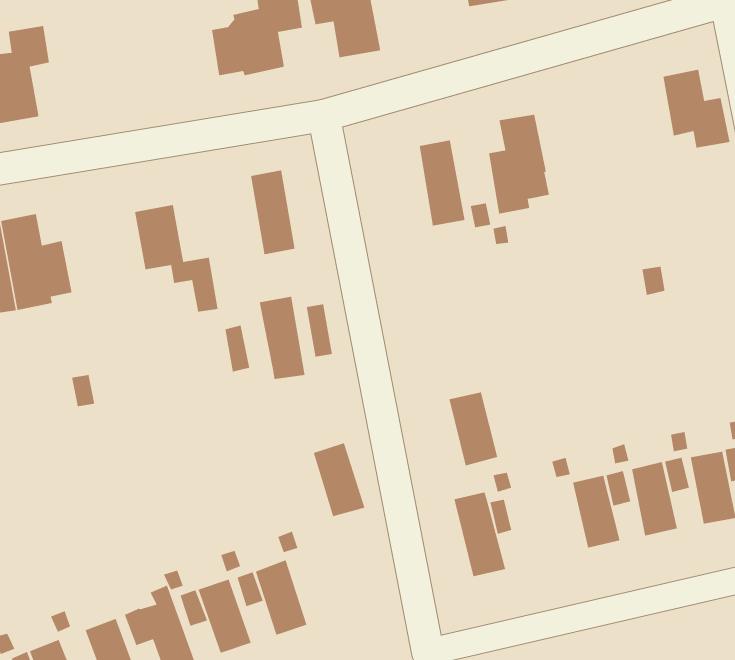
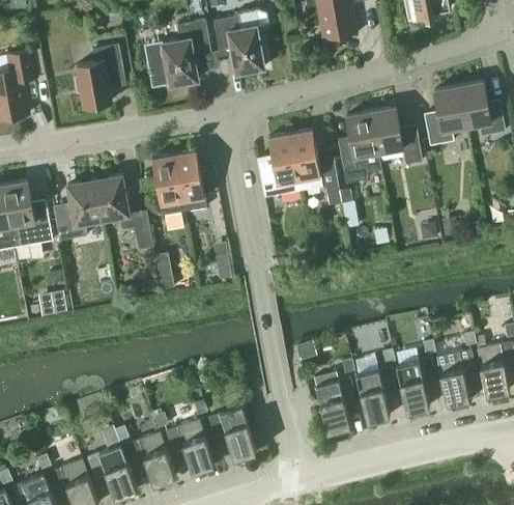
building: none -> [74,45,123,107]
building: none -> [424,86,465,145]
building: none -> [370,107,422,164]
building: none -> [261,134,299,196]
building: none -> [54,179,102,241]
building: [259,296,305,380] -> [151,155,183,213]
building: [448,391,498,467] -> [355,370,390,422]
building: [313,442,366,517] -> [220,406,256,458]

